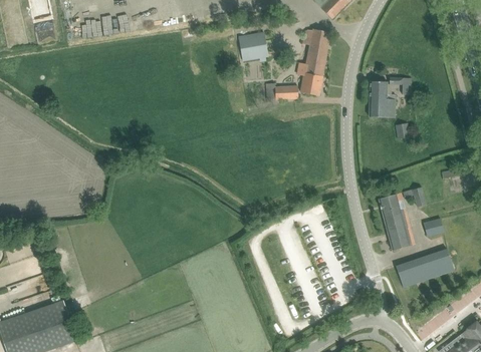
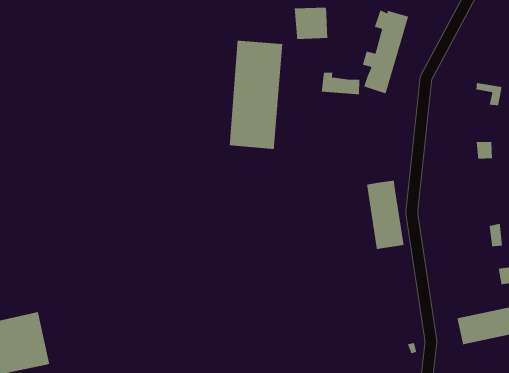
building: none -> [229,40,283,150]
building: [369,81,395,117] -> none
building: [378,193,414,250] -> [366,180,405,250]

